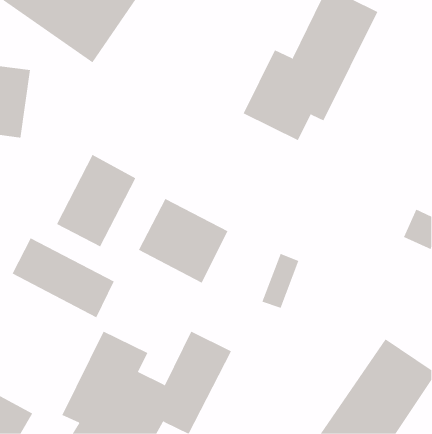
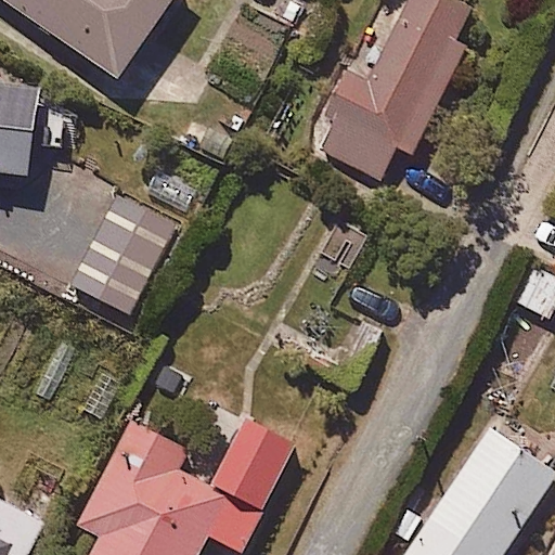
building: [138,198,228,283] -> none
building: [12,237,115,318] -> none

